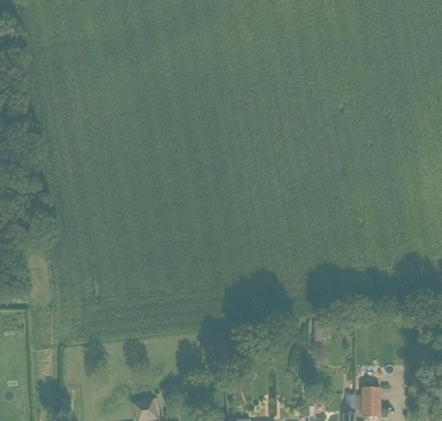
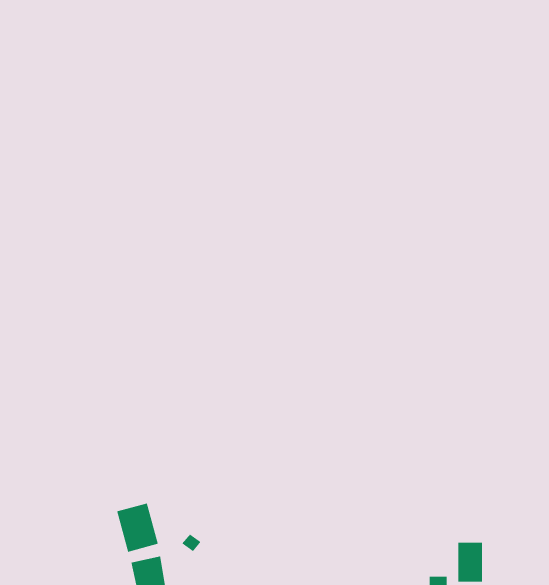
building: none -> [116,502,159,553]

